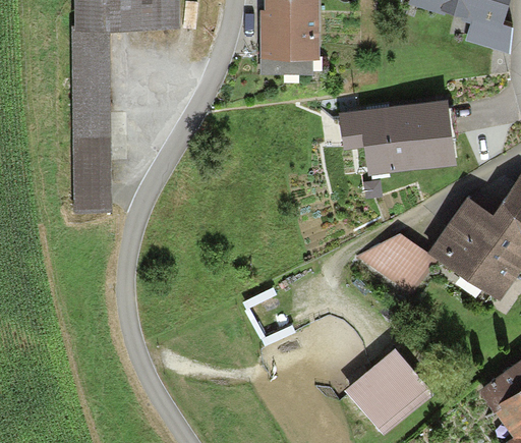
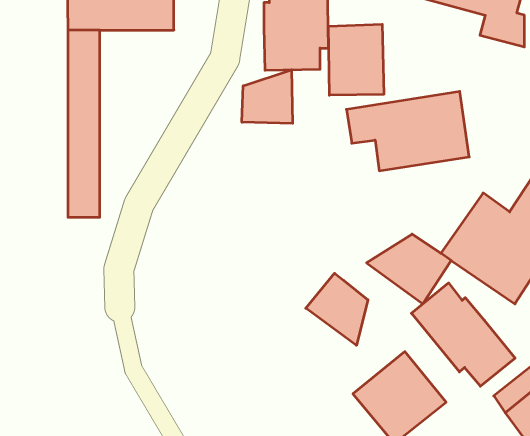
building: none -> [329,24,384,95]
building: none -> [242,70,293,123]
building: none -> [306,273,368,345]
building: none -> [411,283,515,386]

